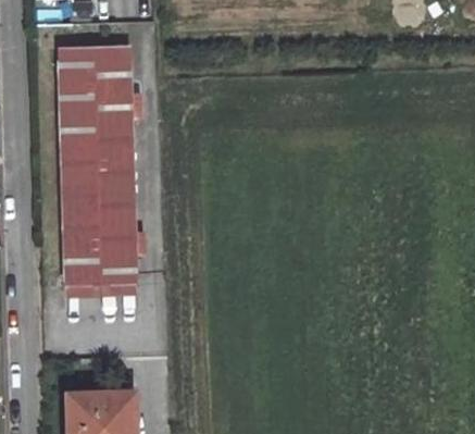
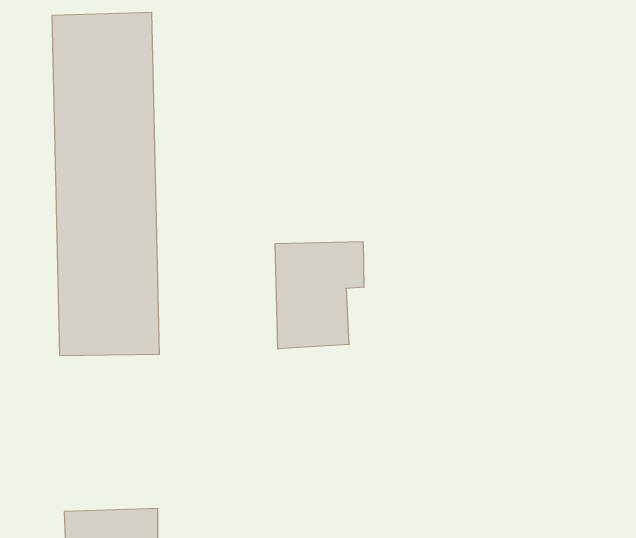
building: none -> [275,242,364,349]

